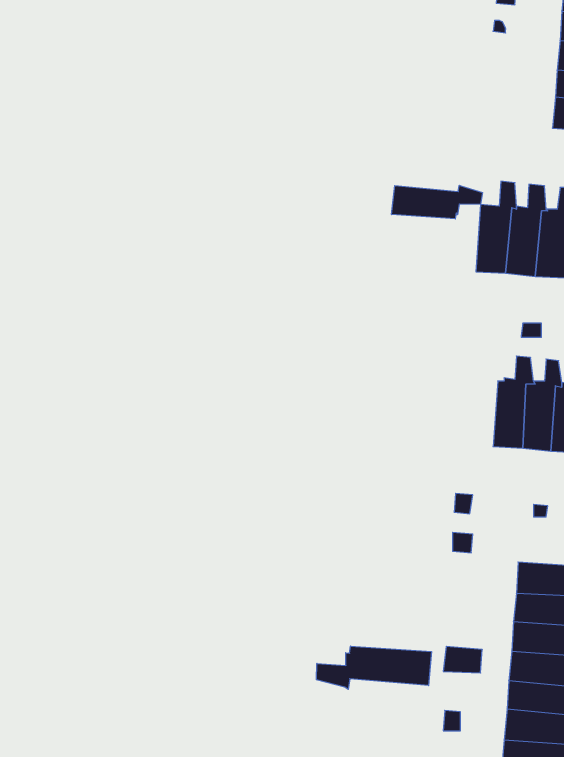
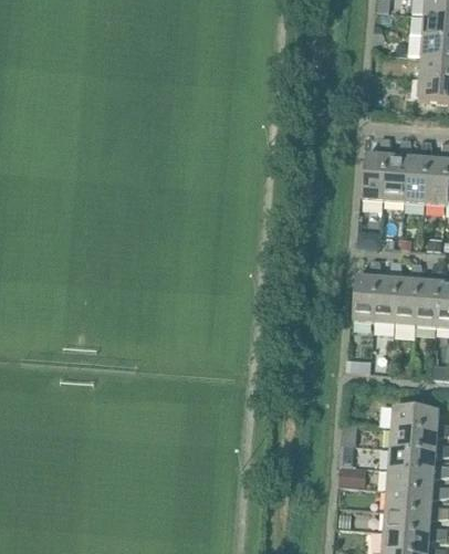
building: [392,185,483,219] -> none
building: none -> [352,261,382,326]
building: [317,646,431,689] -> none

